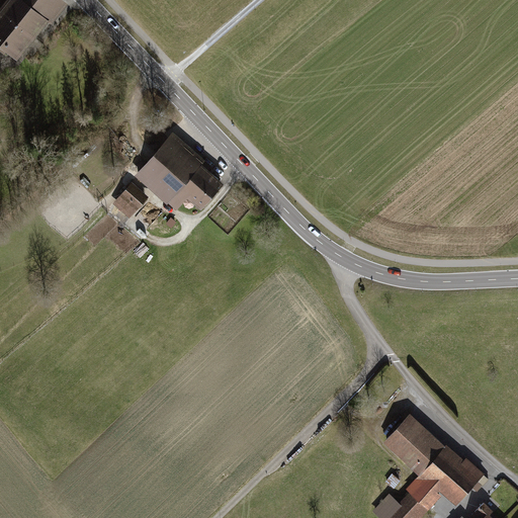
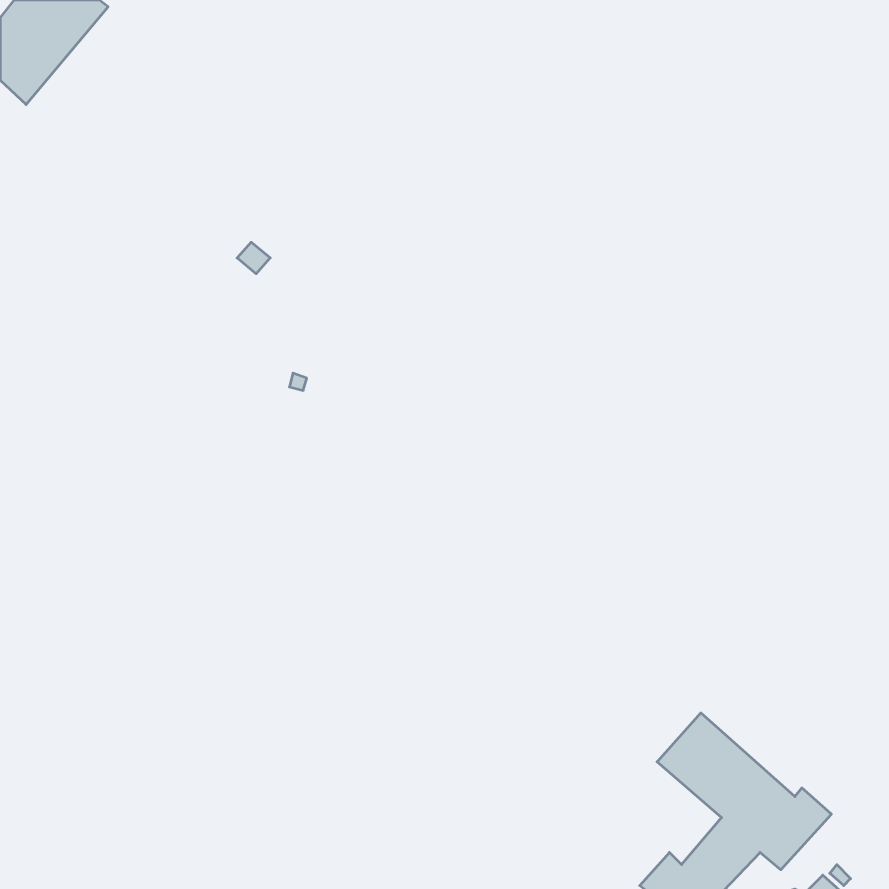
building: [139,138,222,210] -> none
building: [115,185,149,219] -> none

